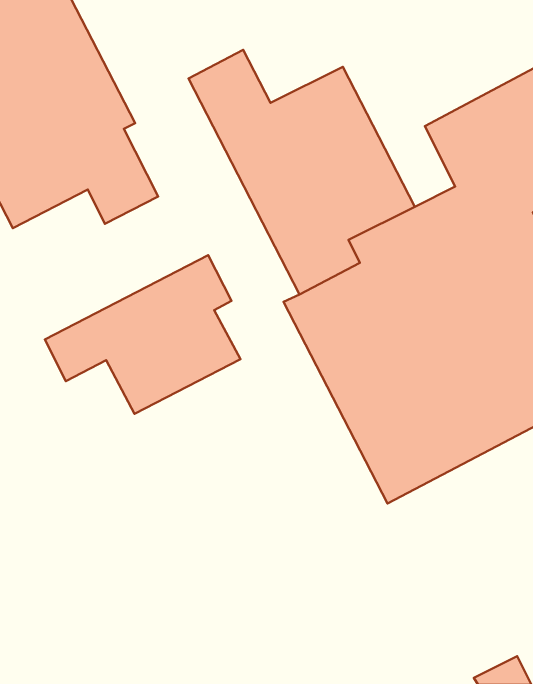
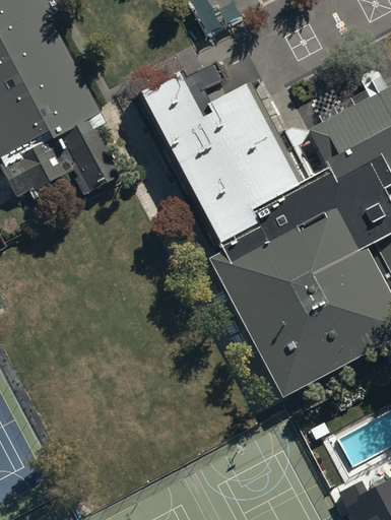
building: [45,255,240,414] -> none

